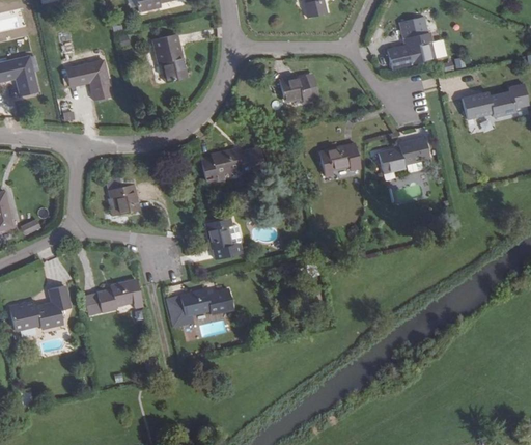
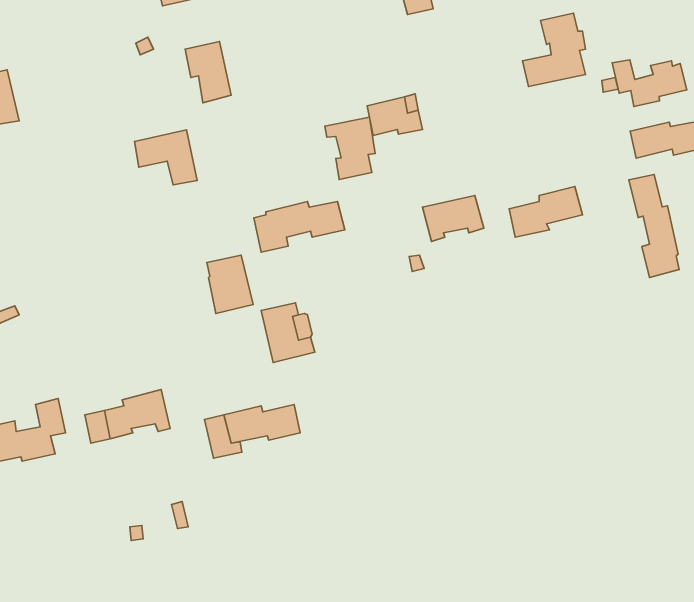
building: none -> [612,60,687,106]
building: [67,60,111,99] -> [134,130,197,185]
building: none -> [325,117,375,179]
building: none -> [629,175,679,277]
building: [107,175,139,216] -> [207,255,253,313]

